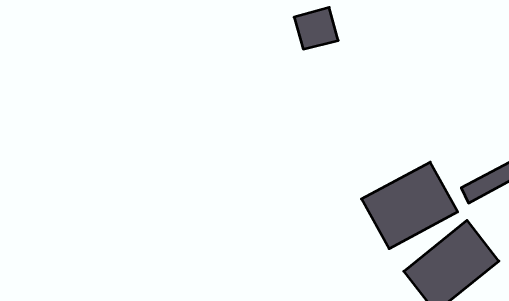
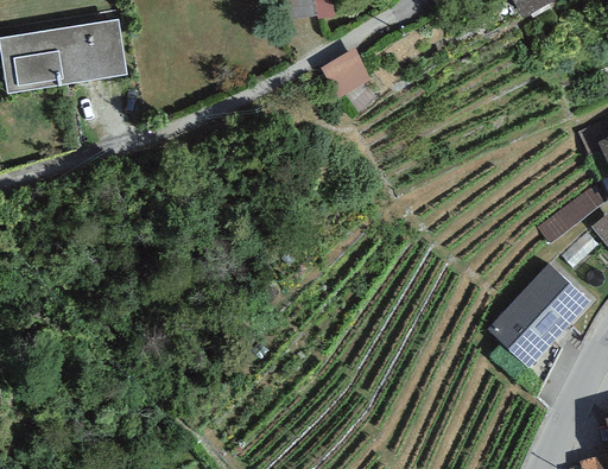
building: [361,162,458,249] -> none

